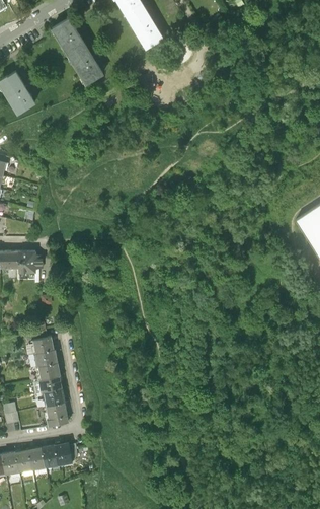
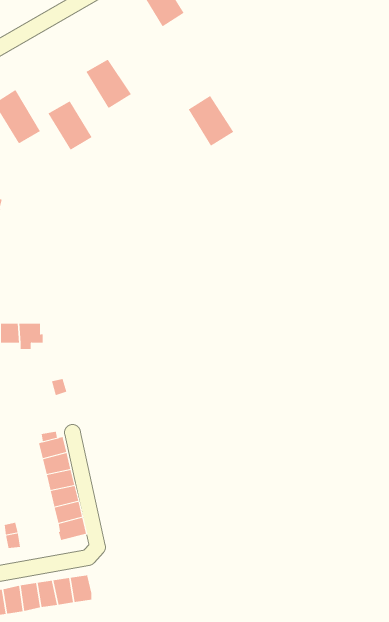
building: [127,12,162,52] -> [188,95,234,146]
building: [51,19,85,58] -> [48,100,92,150]

